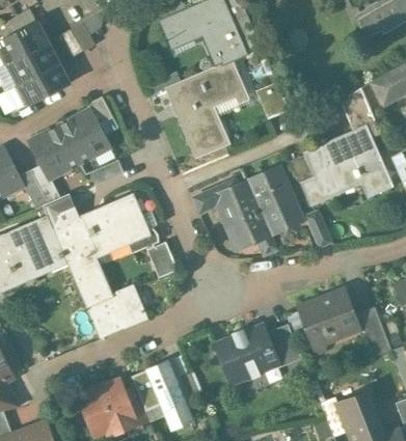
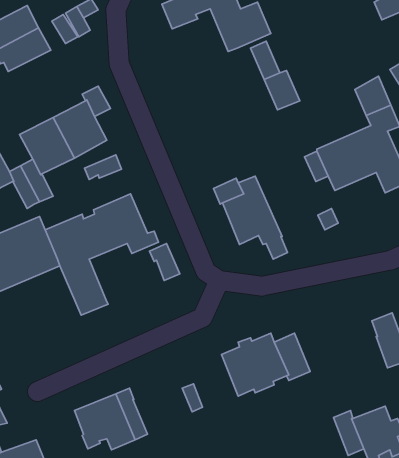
building: [166,61,242,157] -> none
building: [16,63,69,105] -> none
building: [247,165,302,236] -> none
building: [43,195,77,229] -> none
building: [86,286,144,338] -> none
building: [298,288,360,355] -> none
building: [145,360,194,431] -> none

